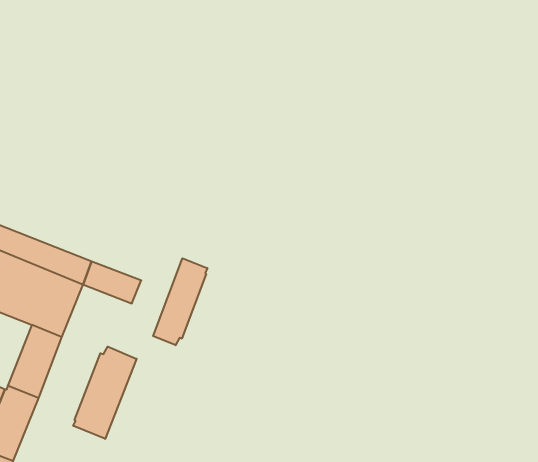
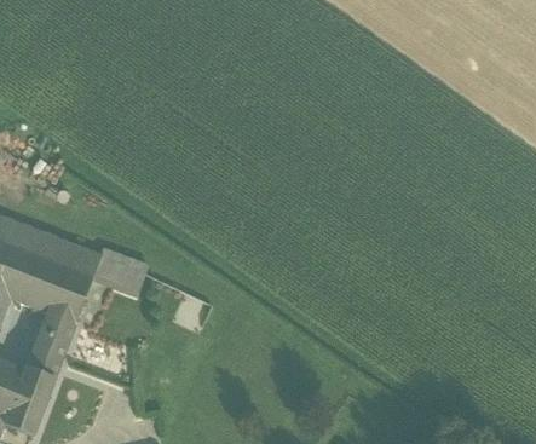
building: [153,258,207,345] -> none
building: [73,347,137,439] -> none

